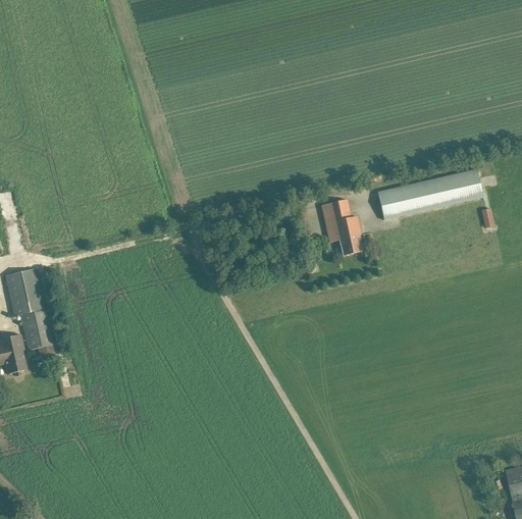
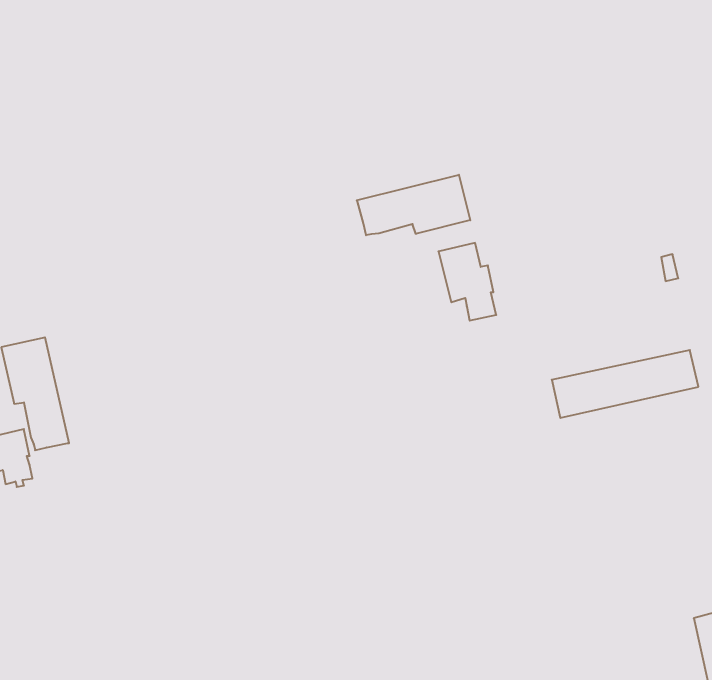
building: none -> [357,175,470,235]
building: [377,169,483,218] -> [552,350,698,418]

